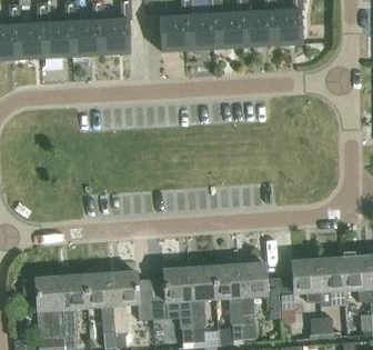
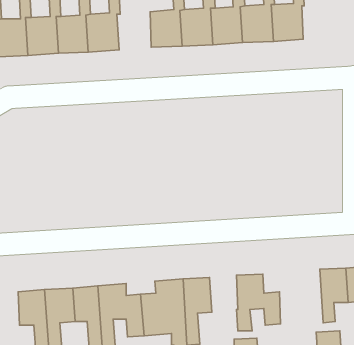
building: [280,258,321,309] -> none
building: [214,263,241,298] -> none

